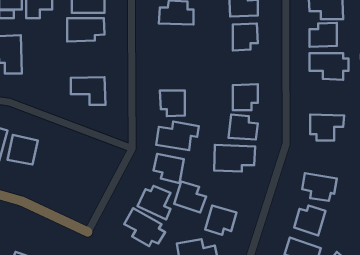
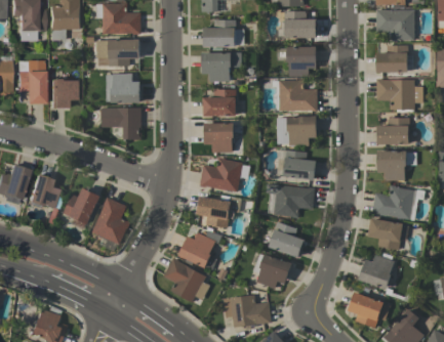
building: none -> [202,52,241,82]
building: none -> [106,74,140,103]
building: none -> [49,79,79,109]
building: none -> [279,80,317,112]
building: none -> [203,89,236,116]
building: none -> [377,118,409,144]
building: none -> [372,186,414,219]
building: none -> [64,188,98,228]
building: none -> [92,198,129,245]
building: [174,181,206,213] -> [269,222,306,258]

